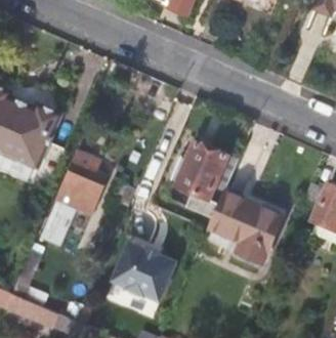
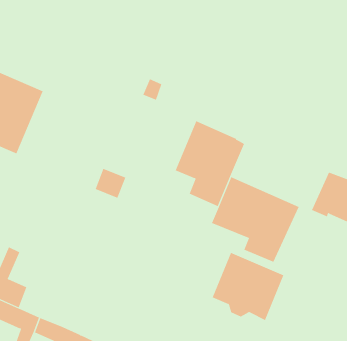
building: [38,159,107,247] -> none
building: [112,241,175,301] -> [212,252,284,321]

